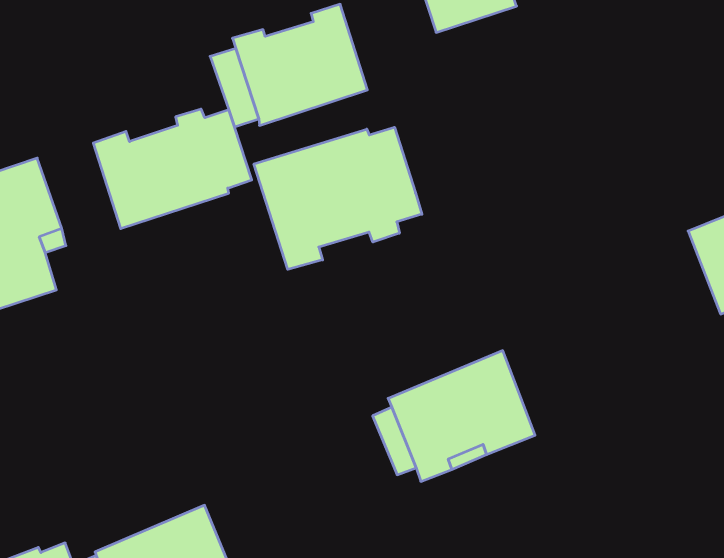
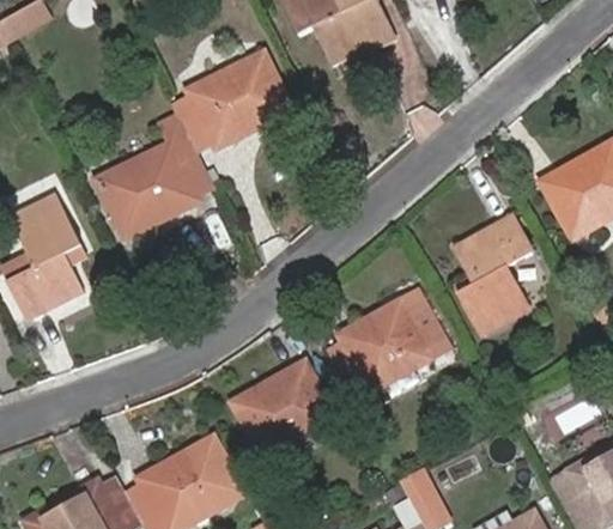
building: [254,127,422,269] -> none
building: none -> [456,218,530,333]
building: none -> [230,359,336,457]

